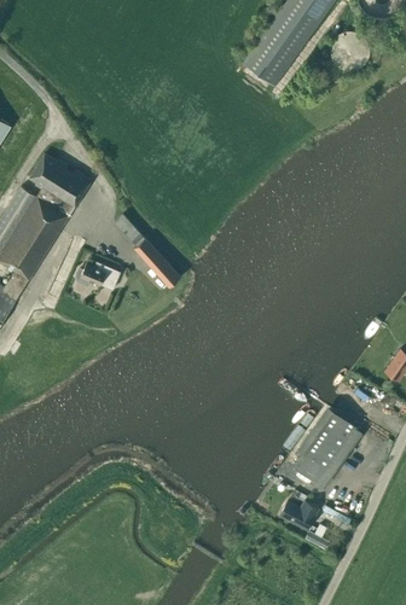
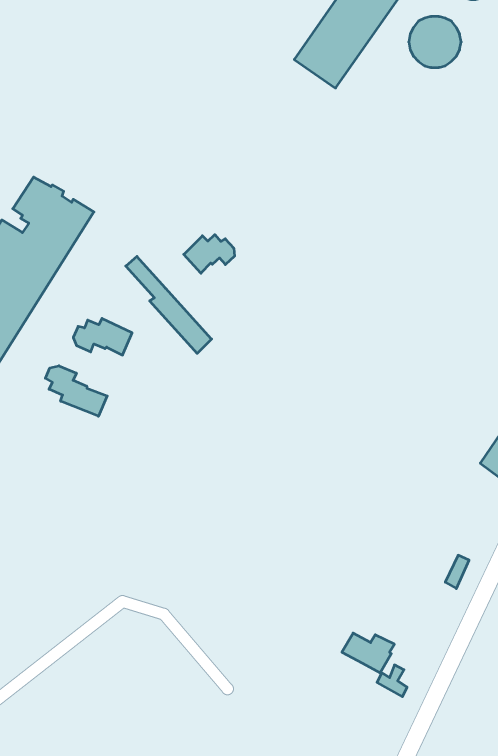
building: none -> [184,235,235,273]
building: none -> [45,366,107,416]
building: [292,408,360,487] -> none

